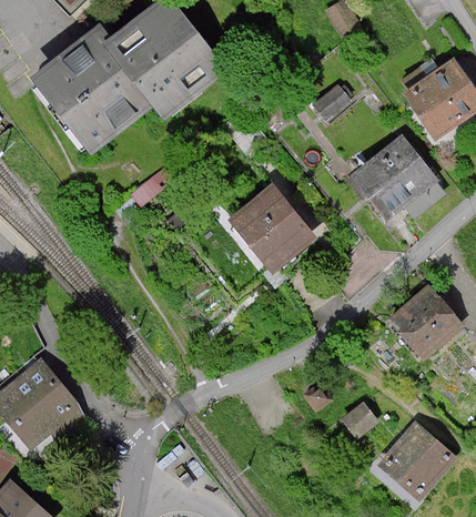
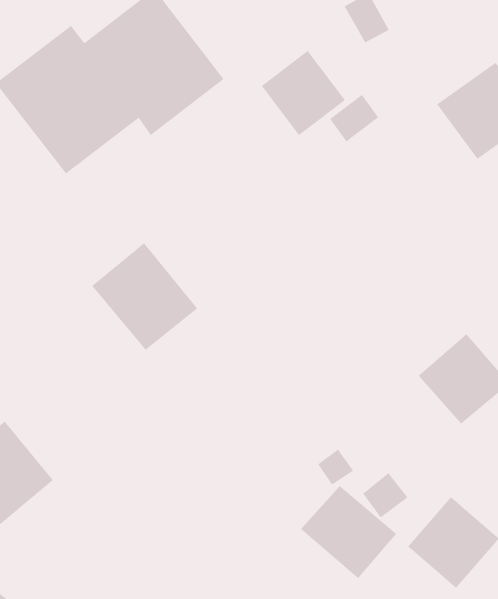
building: none -> [261,50,346,136]
building: [351,134,437,221] -> none
building: [227,183,317,274] -> [91,242,198,351]
building: none -> [300,485,397,579]

